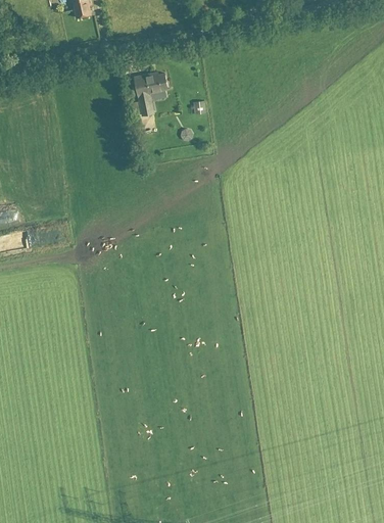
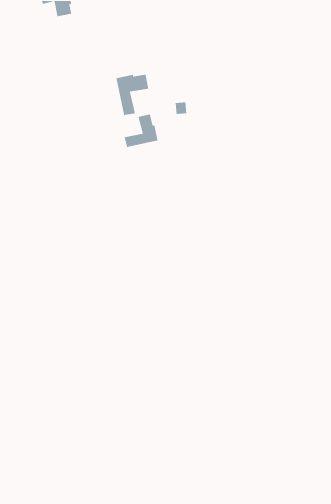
building: none -> [124,114,158,148]

